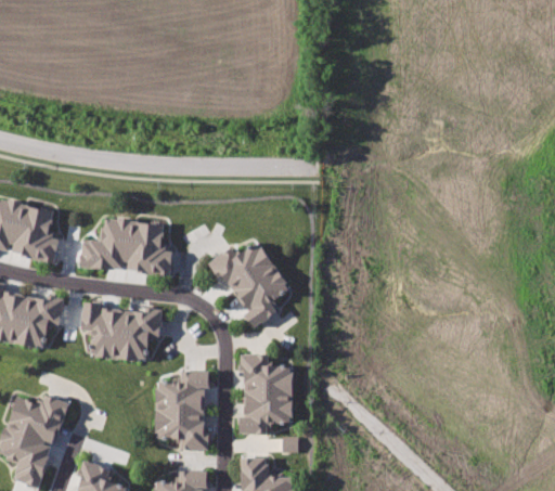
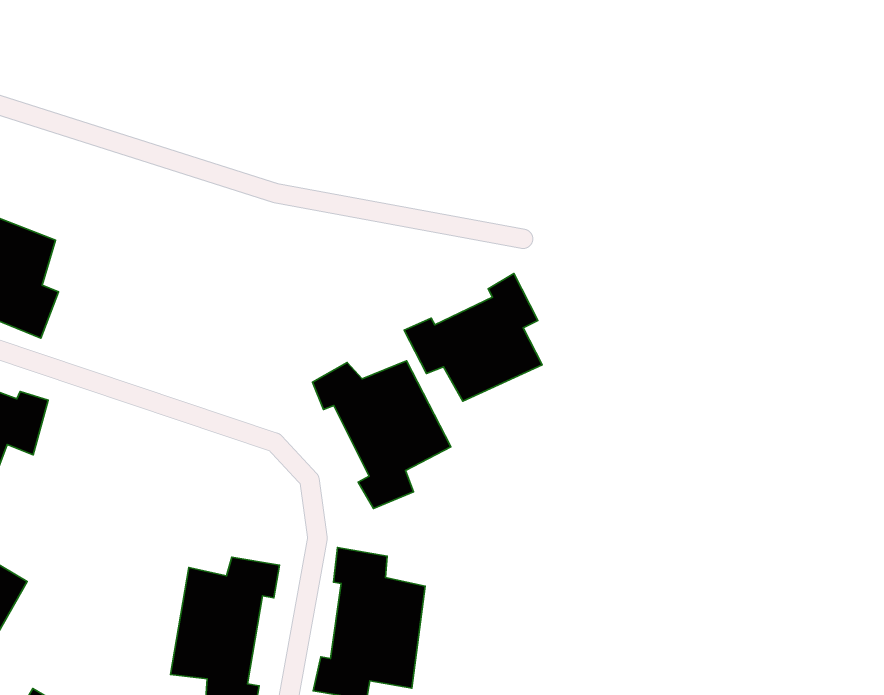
building: none -> [404,274,542,401]
building: [79,219,173,276] -> none
building: [79,301,162,362] -> none

